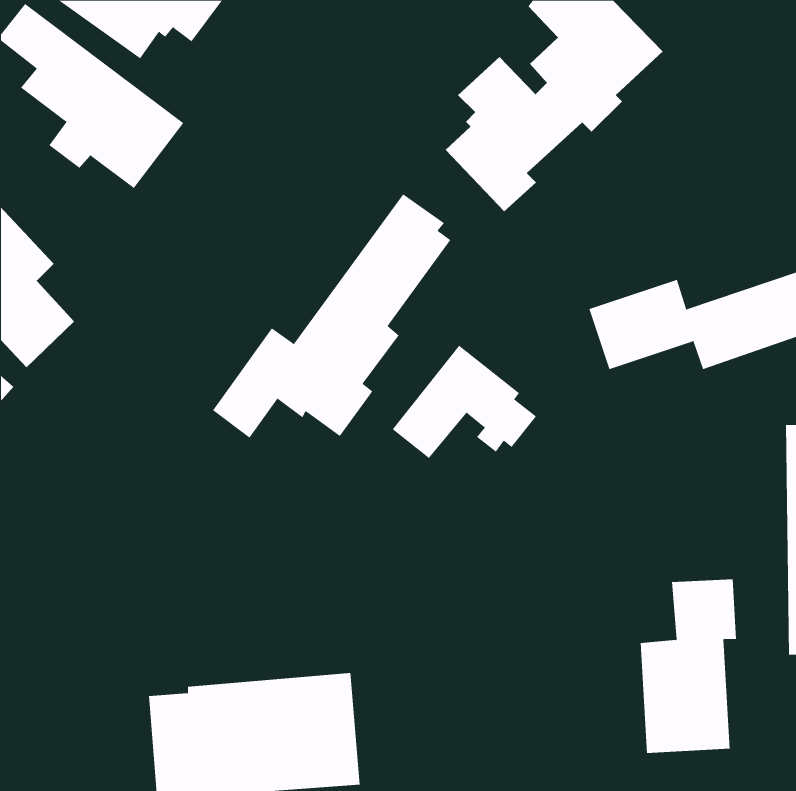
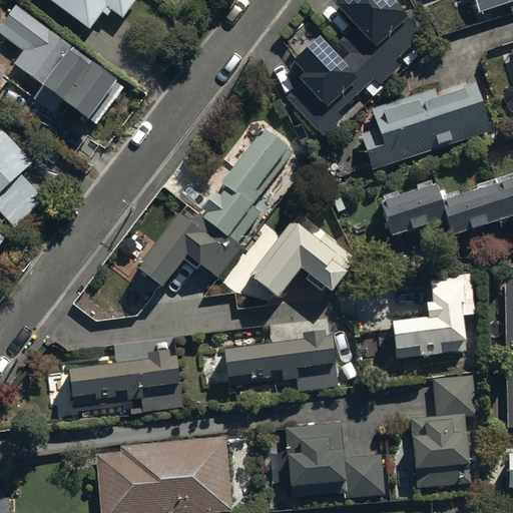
building: none -> [362,74,506,166]
building: none -> [391,270,475,357]
building: none -> [223,322,338,390]
building: none -> [70,345,181,410]
building: none -> [285,421,385,497]

